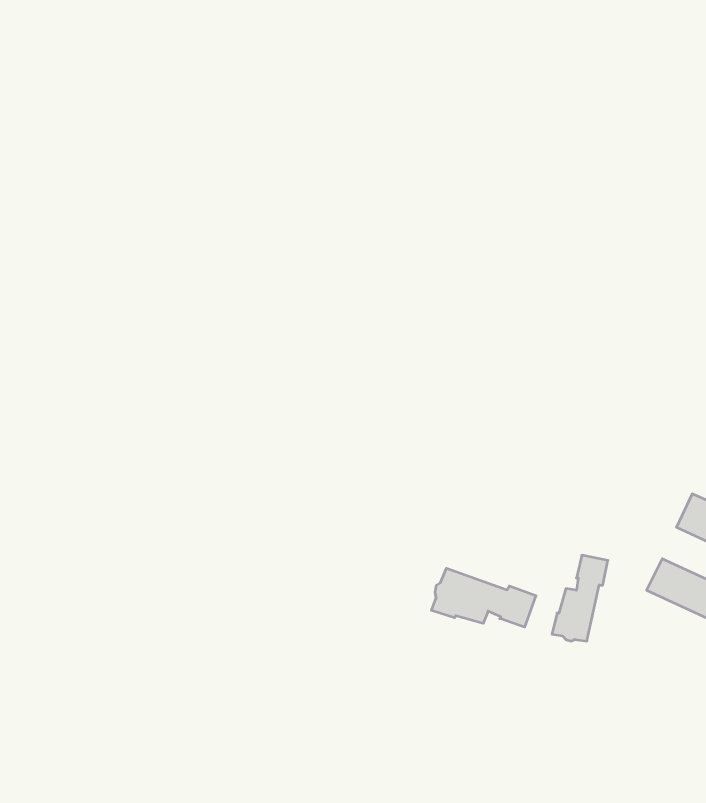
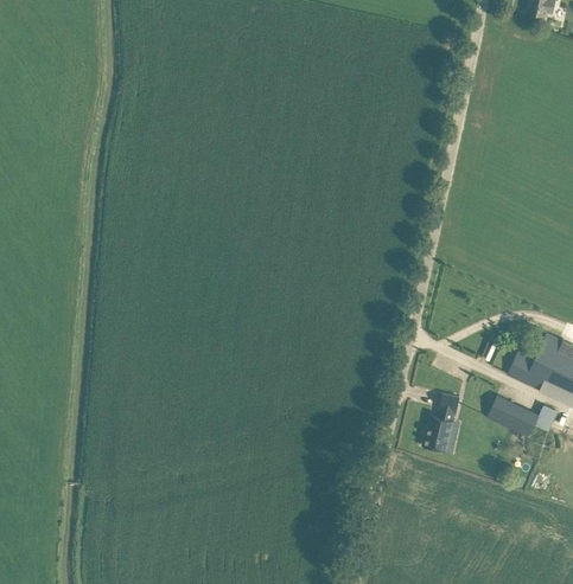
building: [431,568,536,627] -> none

